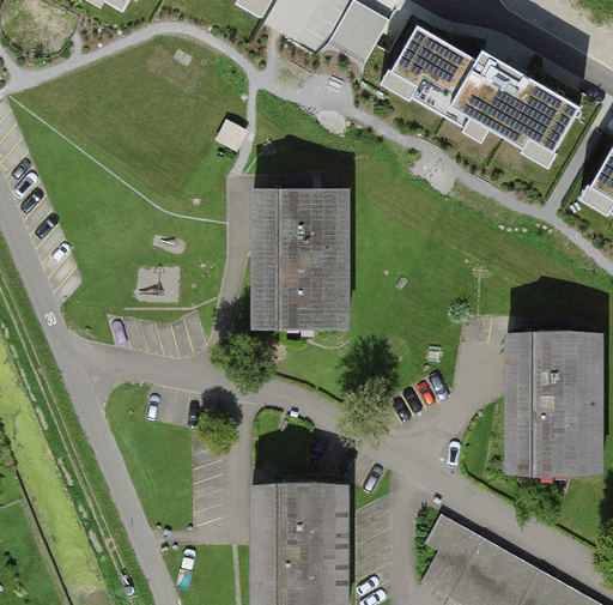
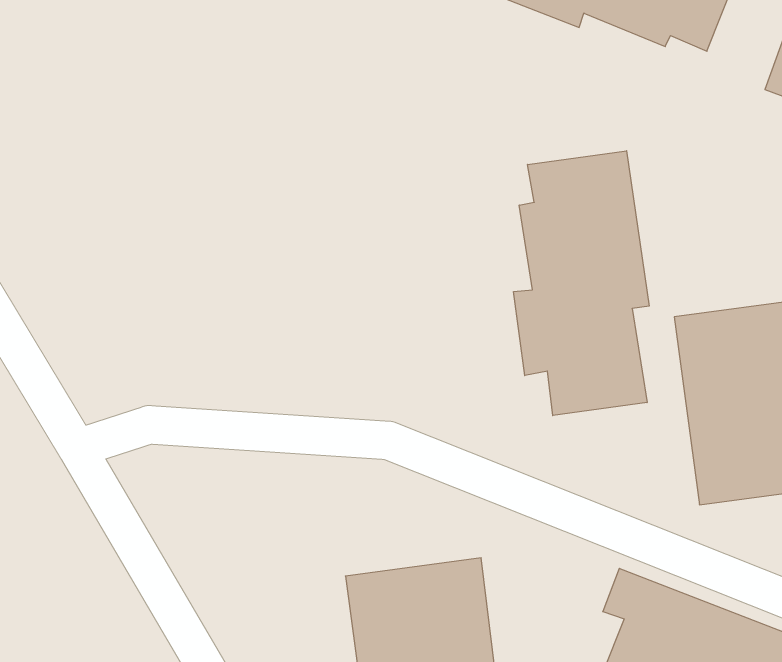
building: [253,194,350,328] -> none
building: none -> [514,151,649,416]

